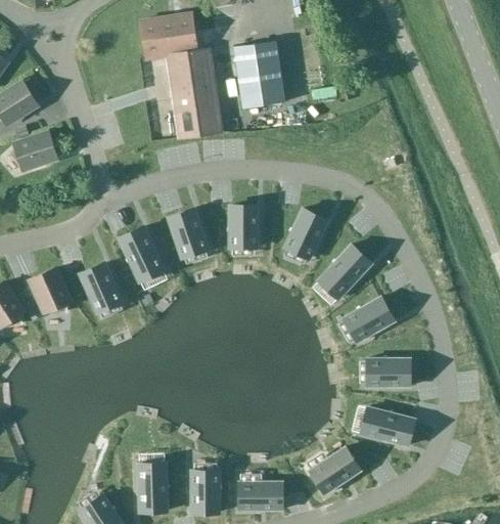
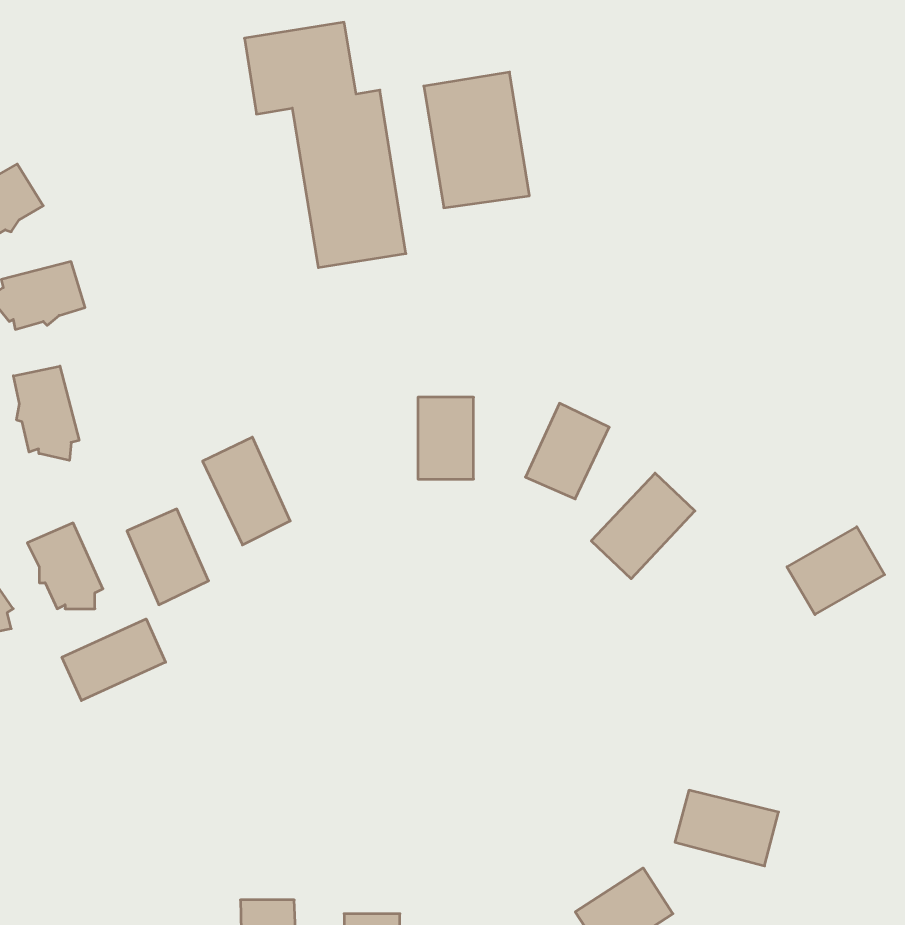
building: none -> [13,366,79,460]
building: [168,209,208,258] -> none
building: [344,297,394,342] -> [787,527,885,615]
building: none -> [62,619,166,701]
building: [367,358,409,387] -> none

